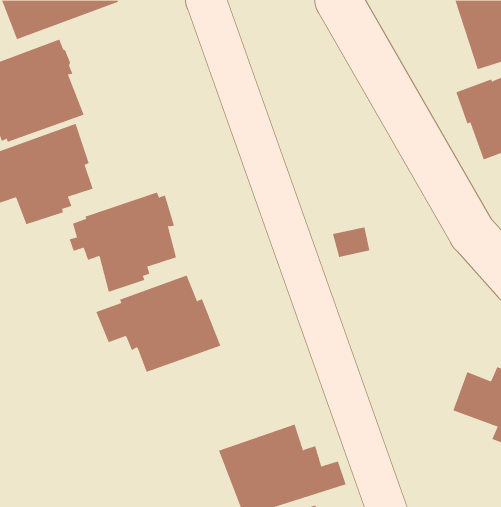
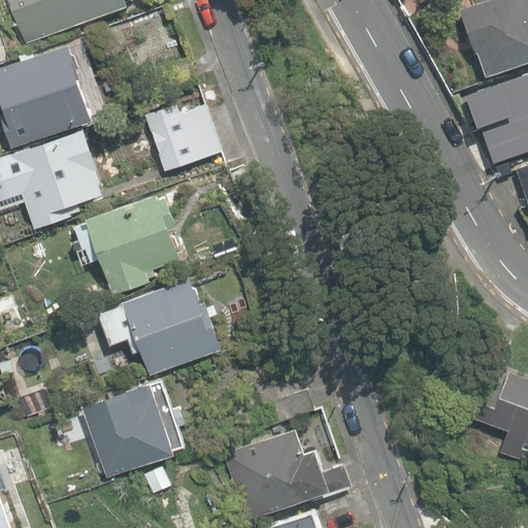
building: none -> [143,96,220,171]
building: none -> [85,380,190,478]

